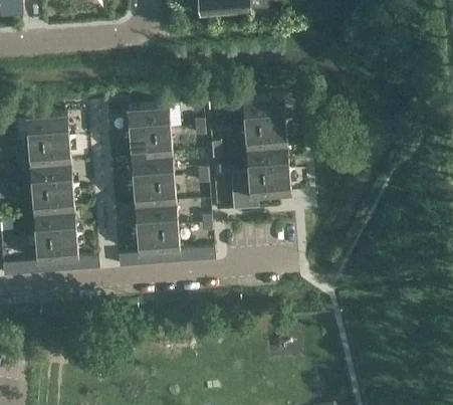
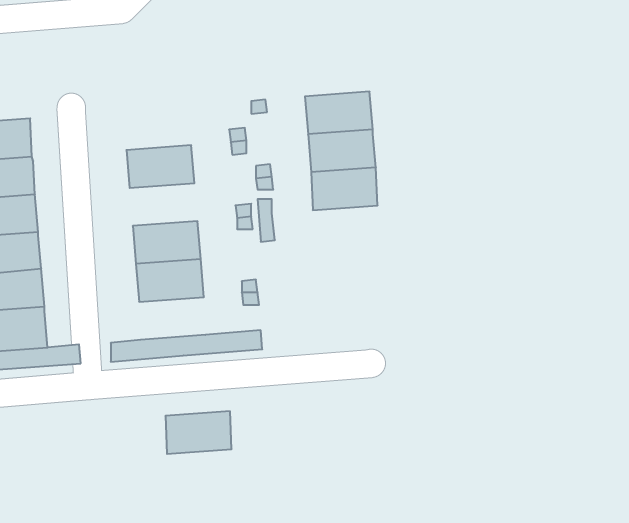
building: [127,104,169,132] -> none
building: [130,153,173,180] -> none
building: [229,167,289,209] -> none
building: [136,225,178,252] -> [165,411,232,454]

